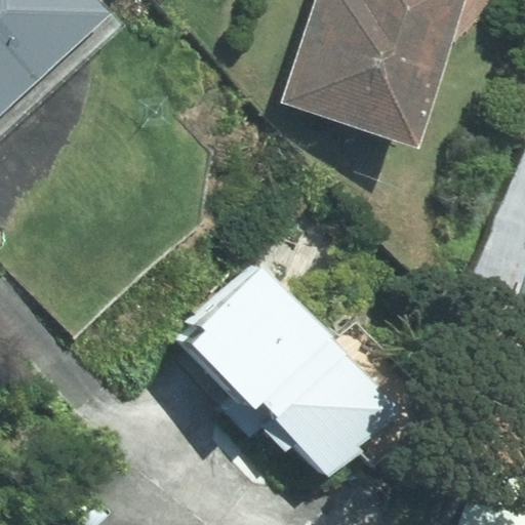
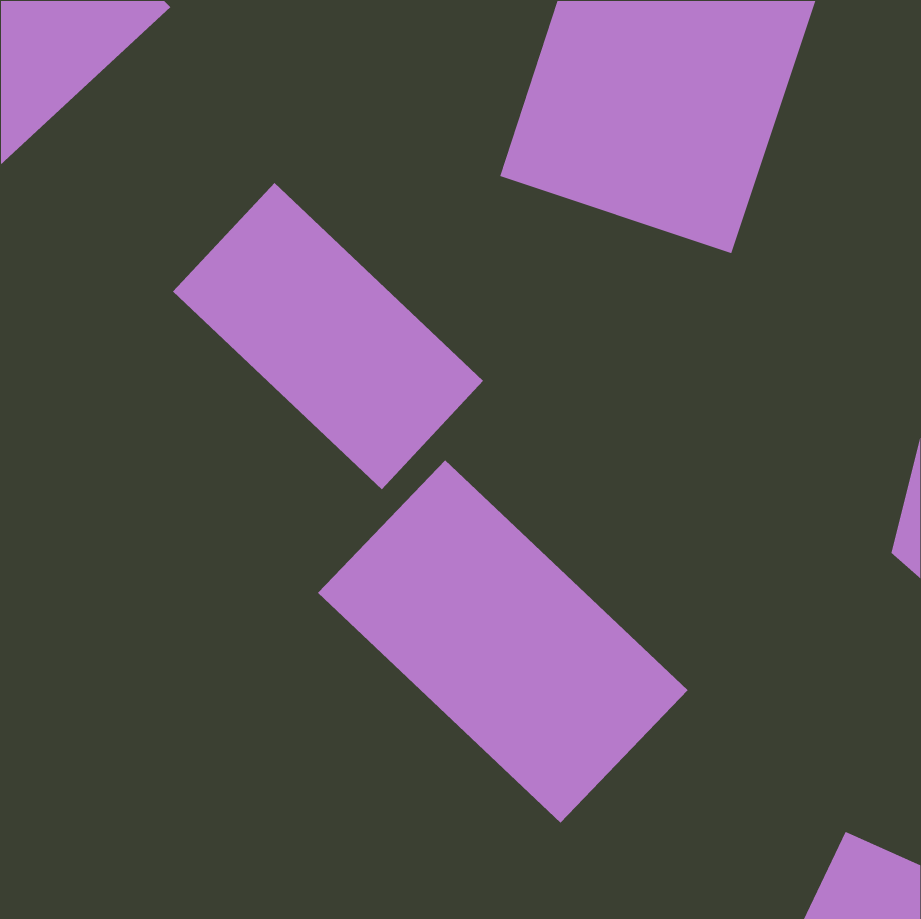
building: none -> [172,182,484,490]

